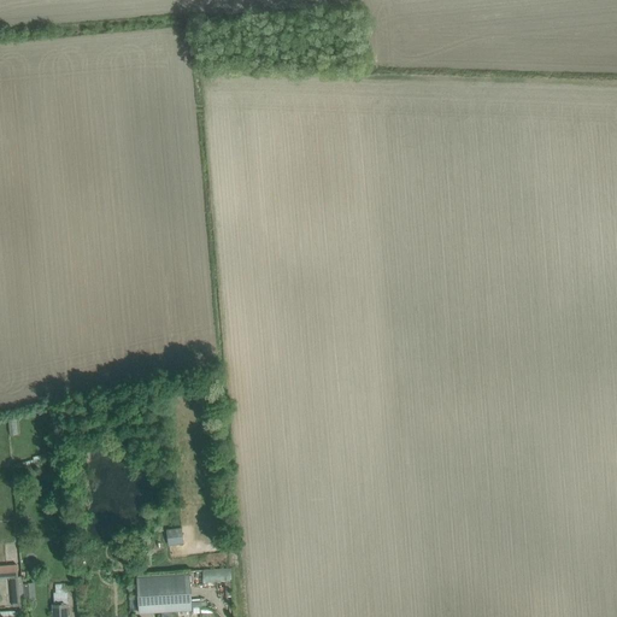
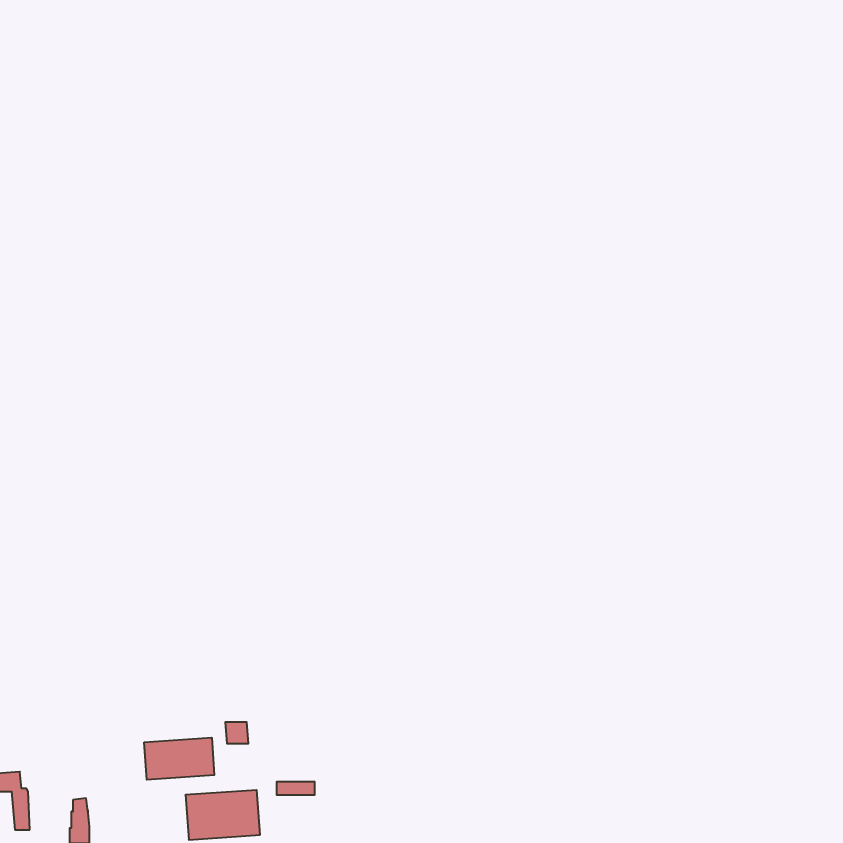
building: none -> [144,738,214,780]

